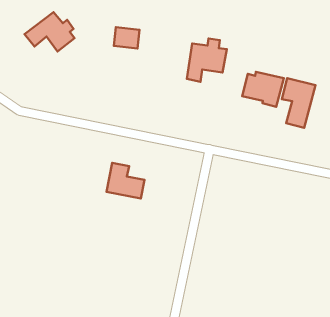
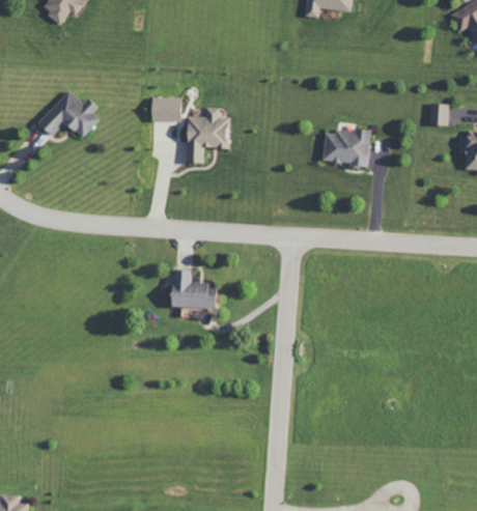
building: [187,38,227,82] -> [187,107,231,163]
building: [282,78,316,128] -> none

